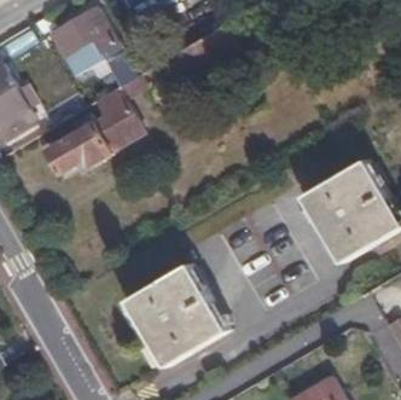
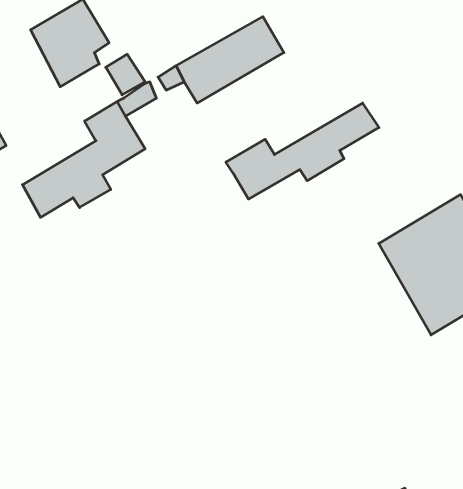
building: none -> [226,103,379,199]
building: [128,261,228,365] -> none

